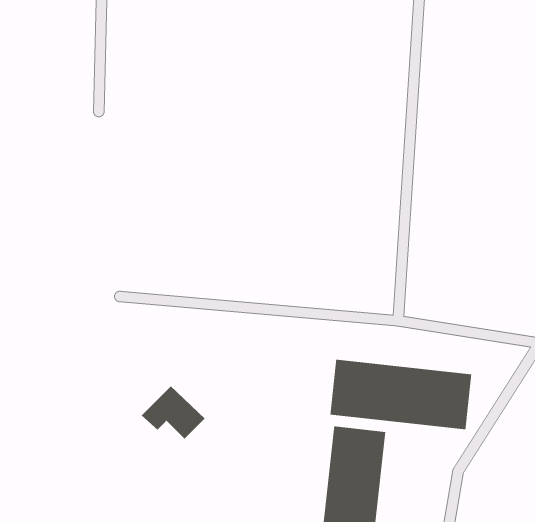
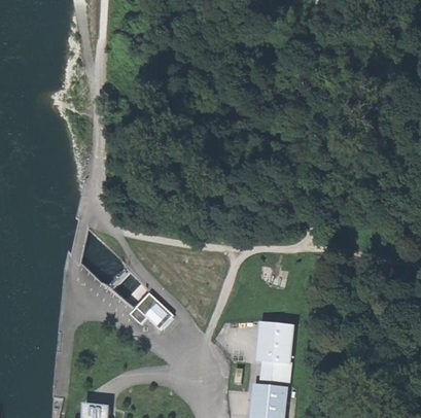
building: [330,359,472,430] -> none

